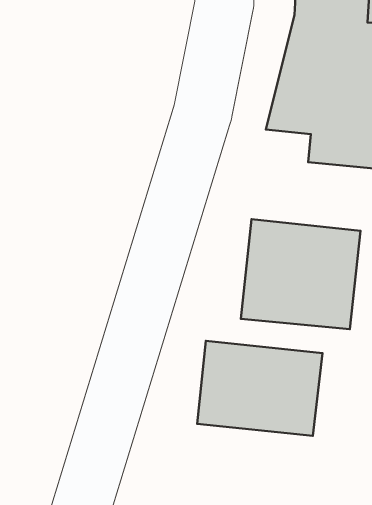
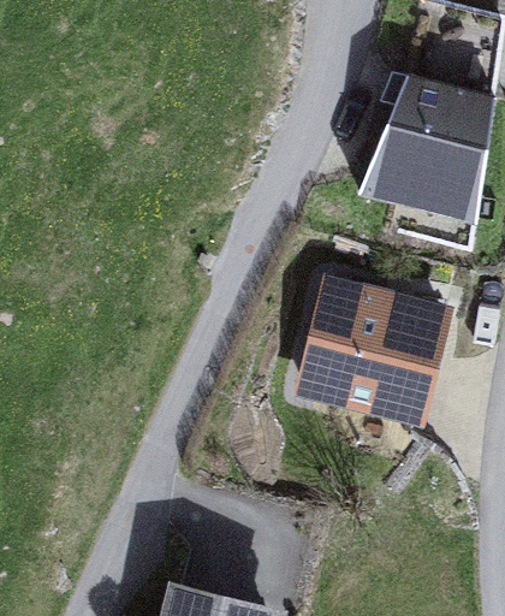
building: [197,341,323,436] -> none

